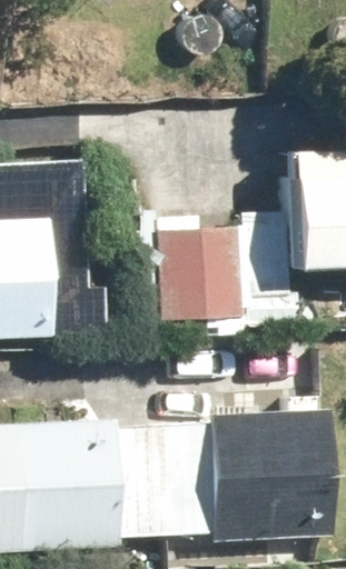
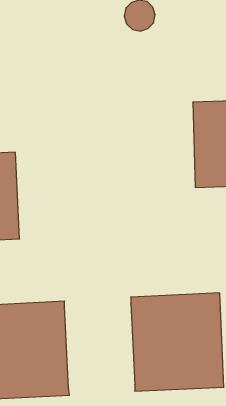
building: [164,227,250,319] -> none
building: [111,423,207,538] -> none

